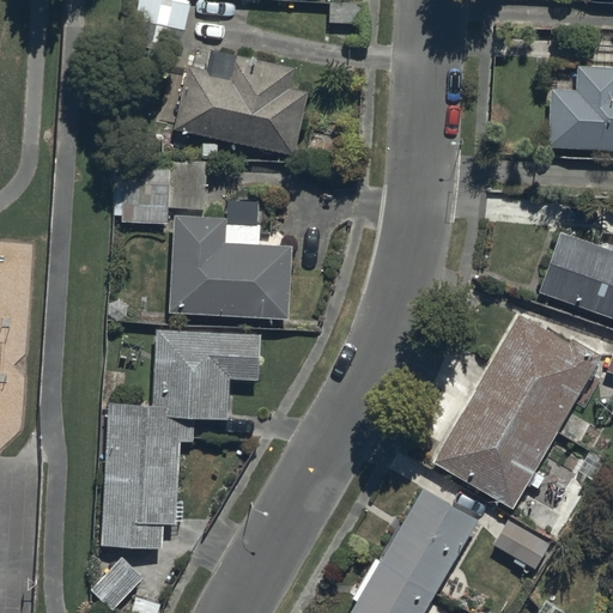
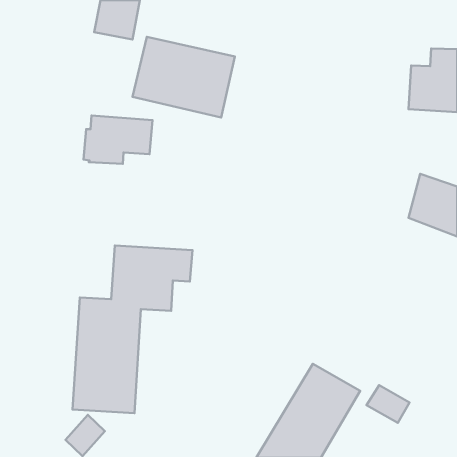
building: [170,218,293,321] -> none
building: [430,314,600,514] -> none

